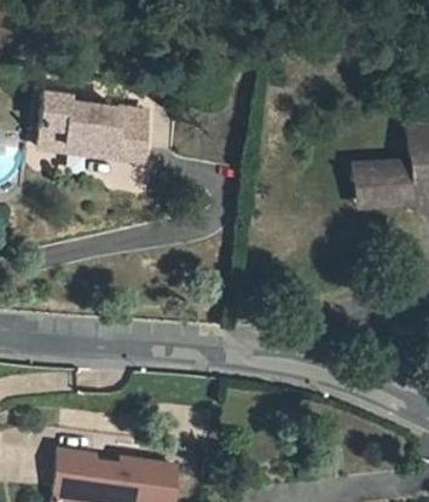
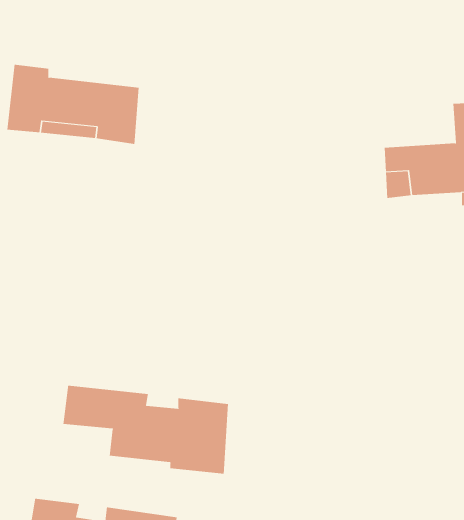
building: none -> [63,385,229,475]

